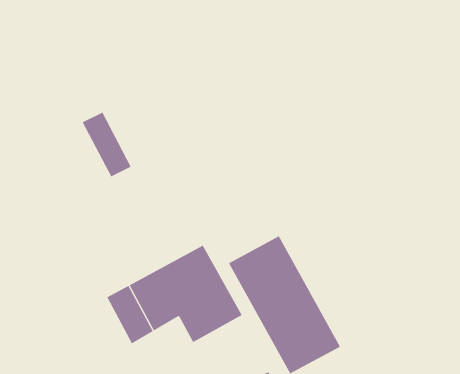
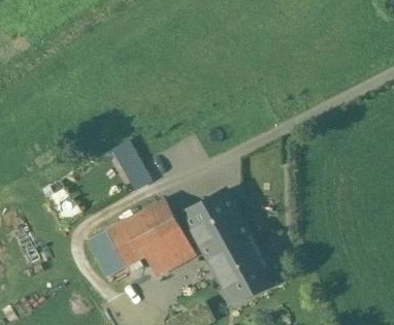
building: [82,112,132,177] -> [119,138,158,190]

